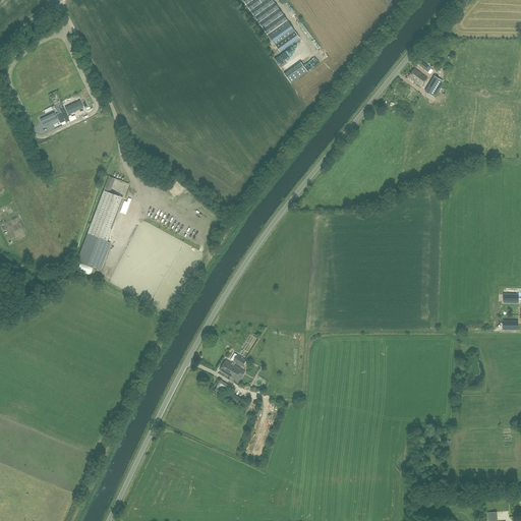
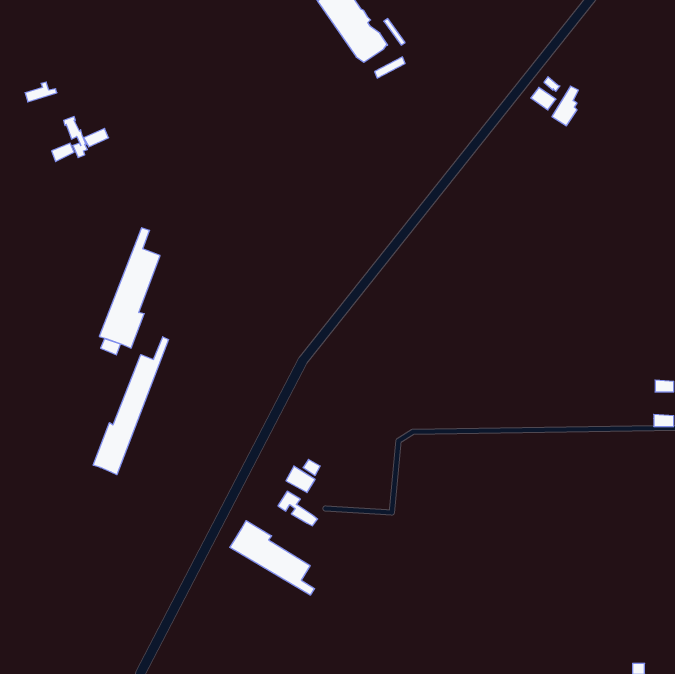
building: none -> [93,337,168,475]
building: none -> [230,521,315,595]

